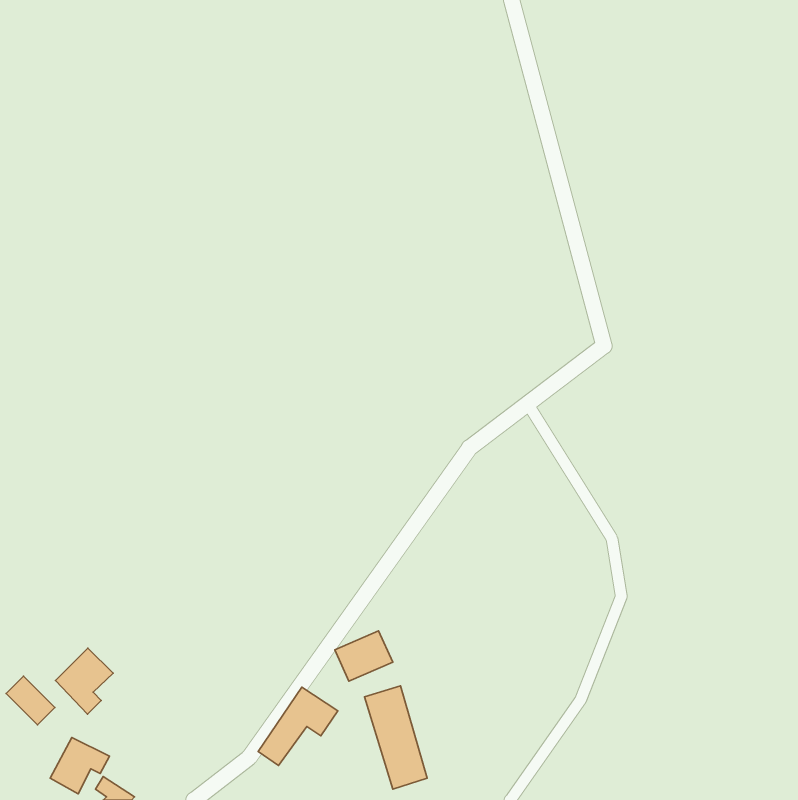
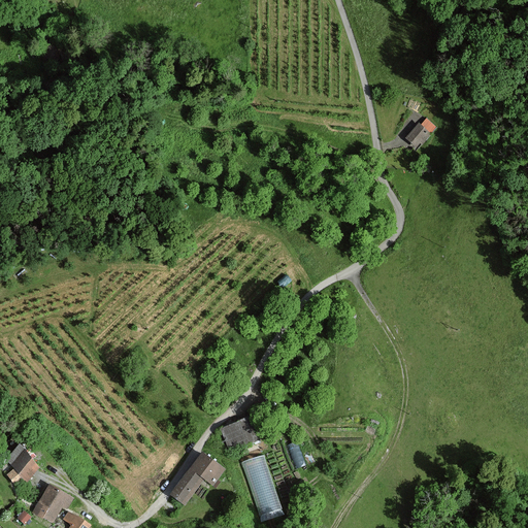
building: none -> [405,119,435,147]
building: [55,648,113,714] -> none

